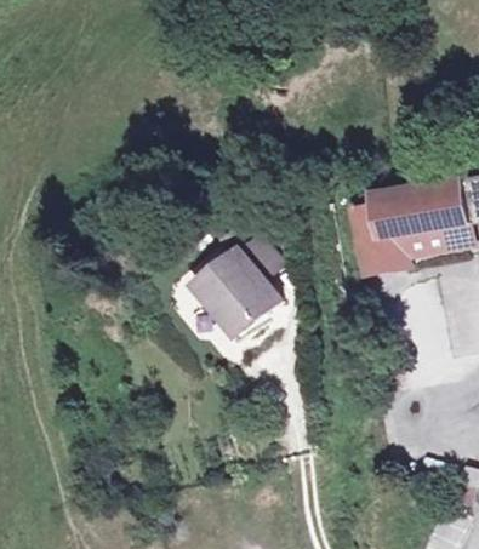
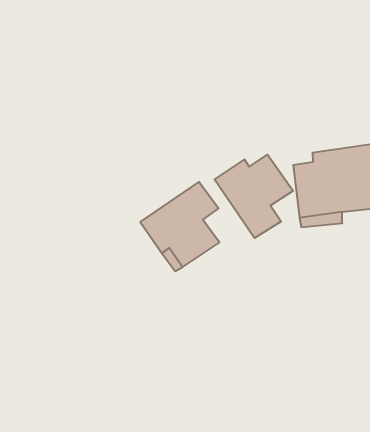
building: none -> [214,155,293,238]

